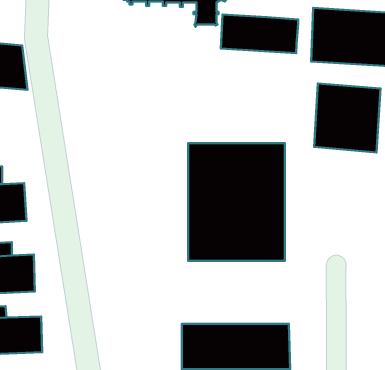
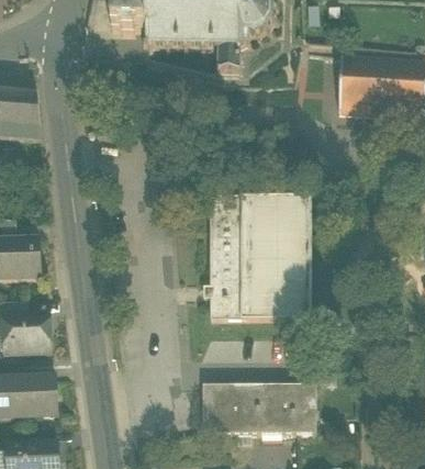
building: [221,15,298,53] -> none
building: [314,83,381,153] -> none

